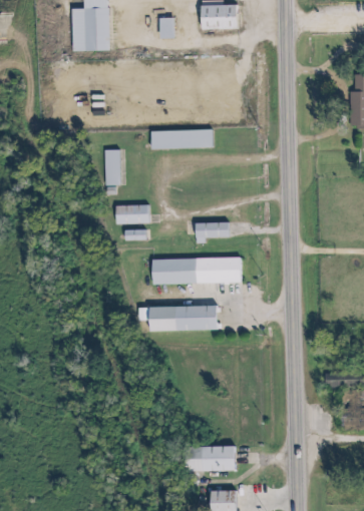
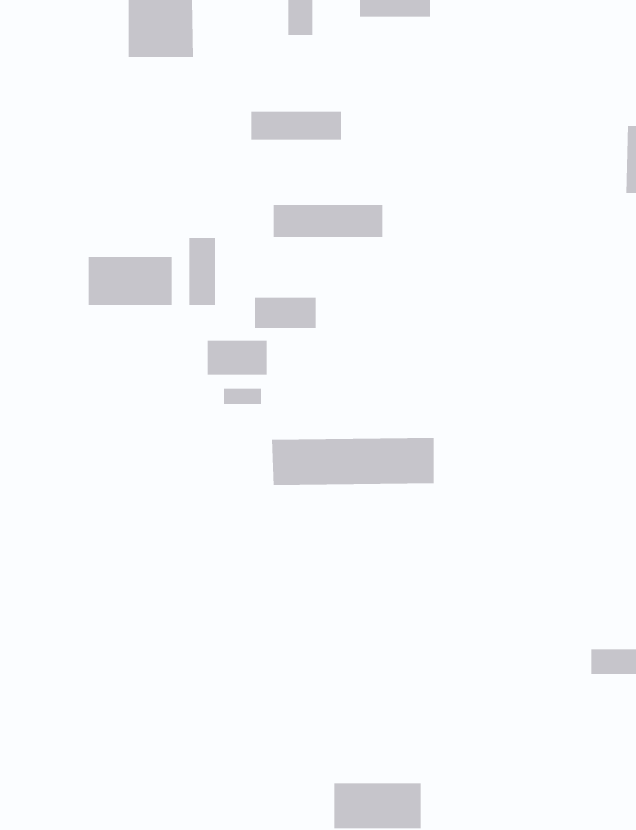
building: none -> [251,111,341,141]
building: none -> [88,256,172,306]
building: [197,222,231,239] -> [254,297,317,328]
building: [148,306,218,331] -> none

